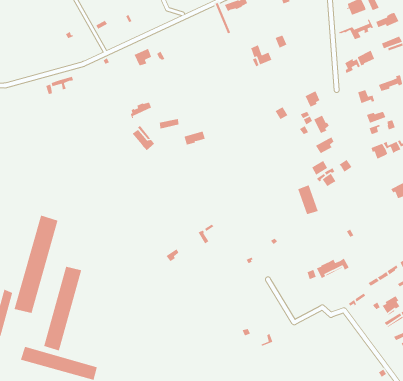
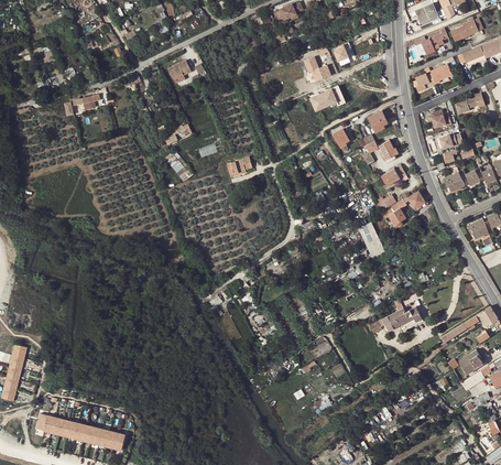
building: none -> [308,86,345,112]
building: [13,215,59,314] -> none
building: [43,266,82,351] -> none

